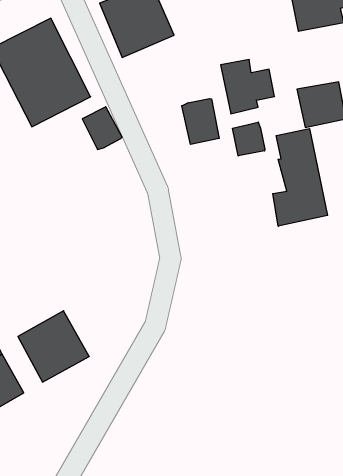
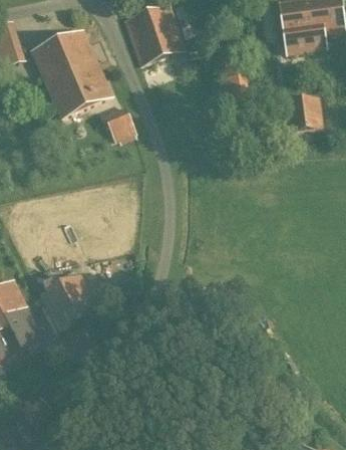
building: [182,99,219,144] -> none
building: [233,122,265,156] -> none
building: [273,129,328,226] -> none

